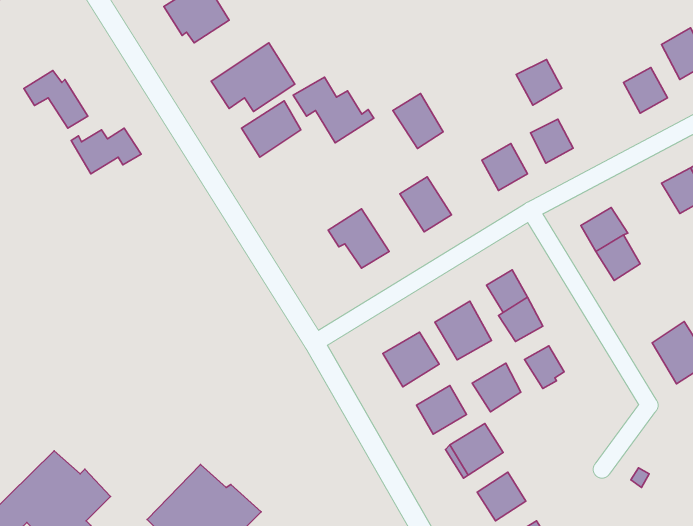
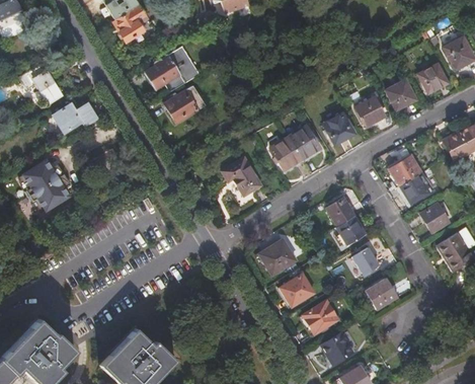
building: [516,59,562,105] -> [386,80,416,110]
building: [293,77,374,143] -> none
building: [393,94,443,148] -> [288,125,321,161]
building: none -> [22,160,69,212]
building: none -> [420,204,449,233]
building: [435,301,491,360] -> none
building: [472,363,521,412] -> [365,278,397,310]

